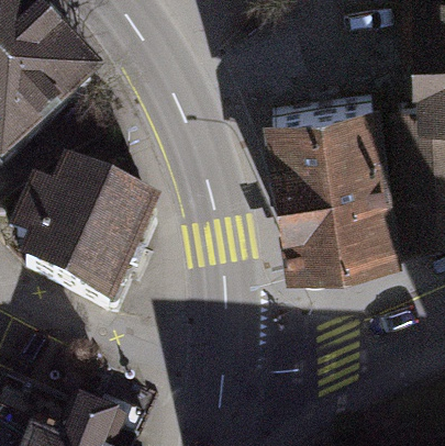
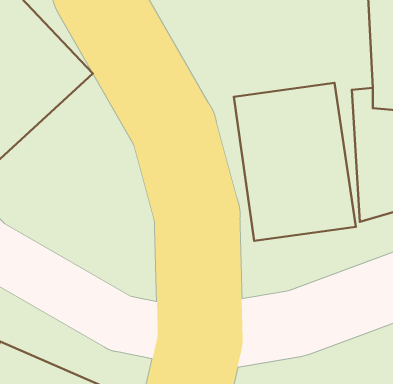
building: [14,175,164,319] -> none

